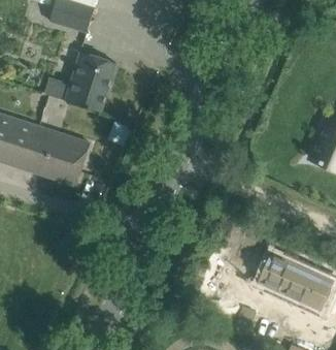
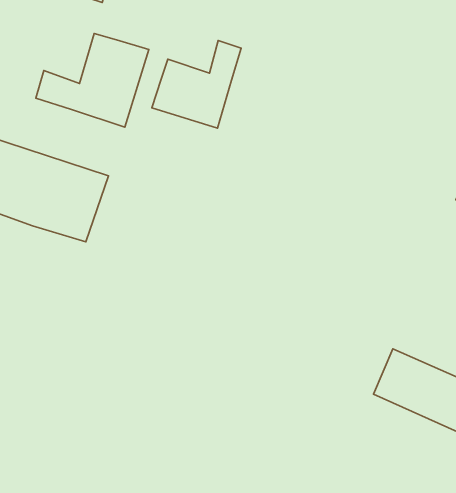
building: none -> [152,41,241,128]

